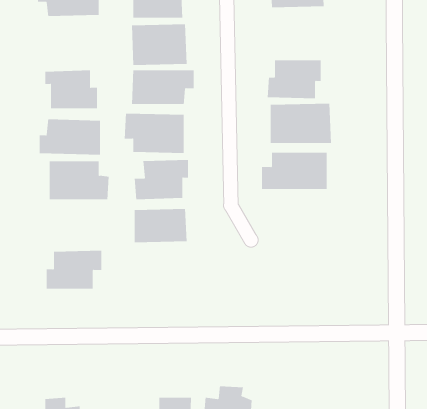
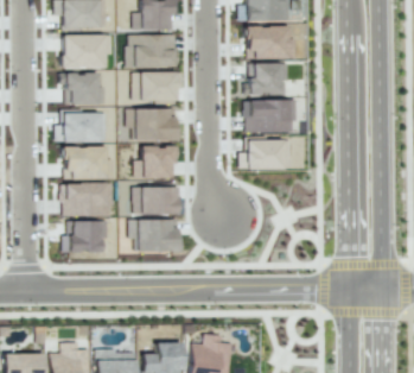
building: none -> [248,26,298,59]
building: none -> [63,34,114,69]
building: none -> [62,183,114,216]
building: none -> [130,220,179,252]

